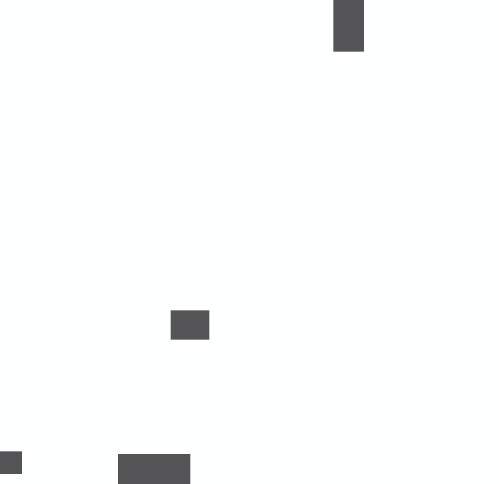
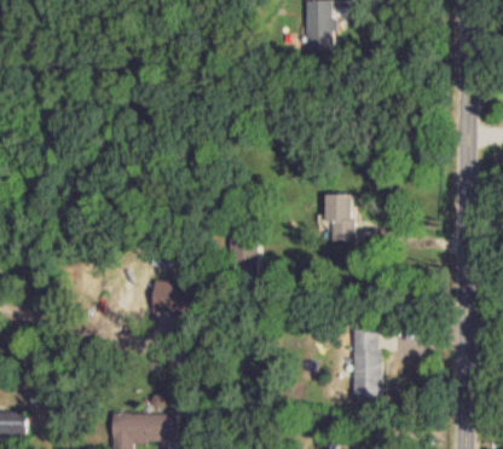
building: none -> [324,196,353,242]
building: none -> [353,329,381,396]

